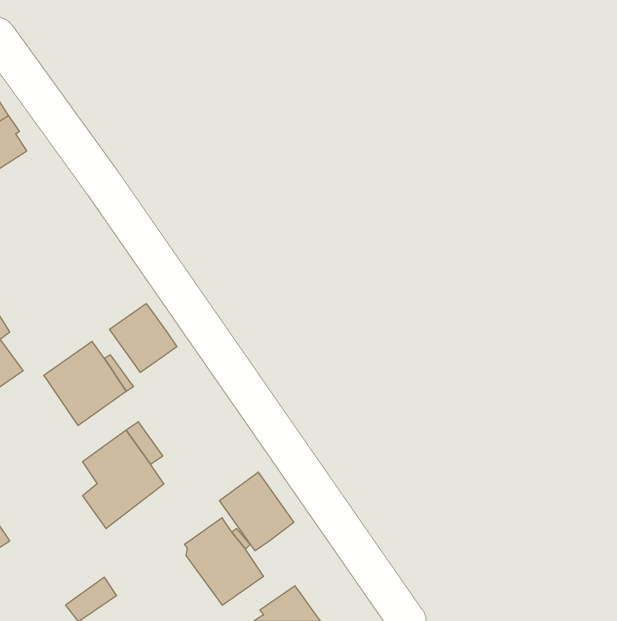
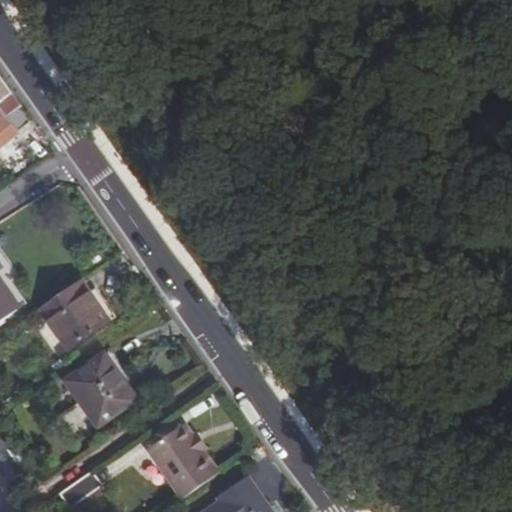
building: [109,304,177,372] -> none
building: [219,472,294,551] -> none

